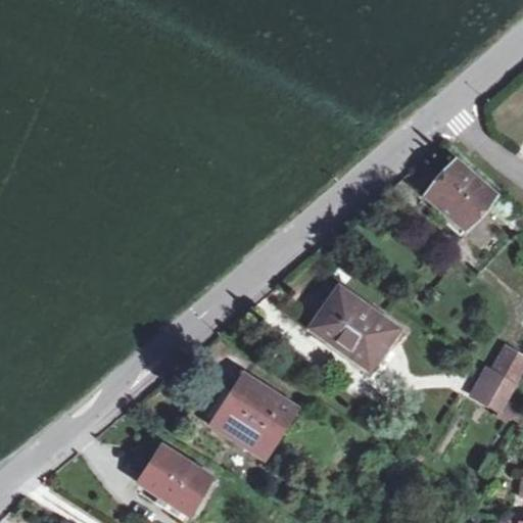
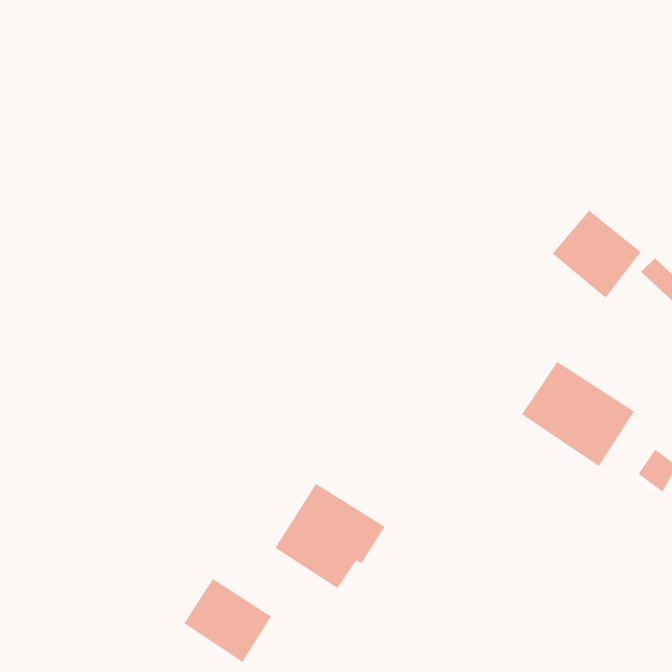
building: [305,286,393,368] -> [521,361,635,467]
building: [470,363,515,409] -> none

